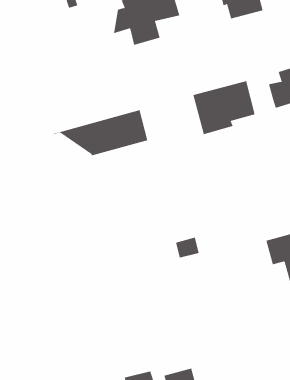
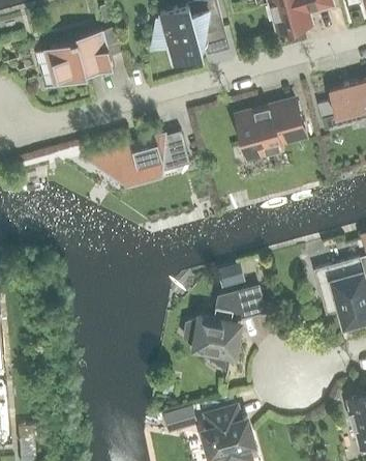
building: none -> [44,29,114,89]
building: none -> [185,290,253,375]

